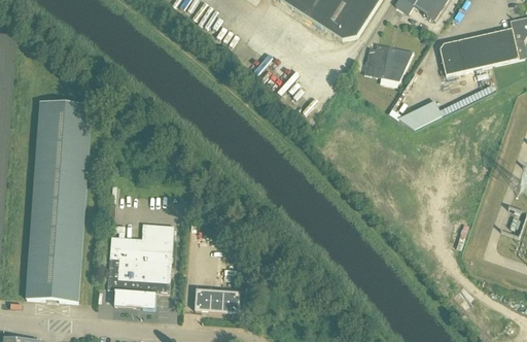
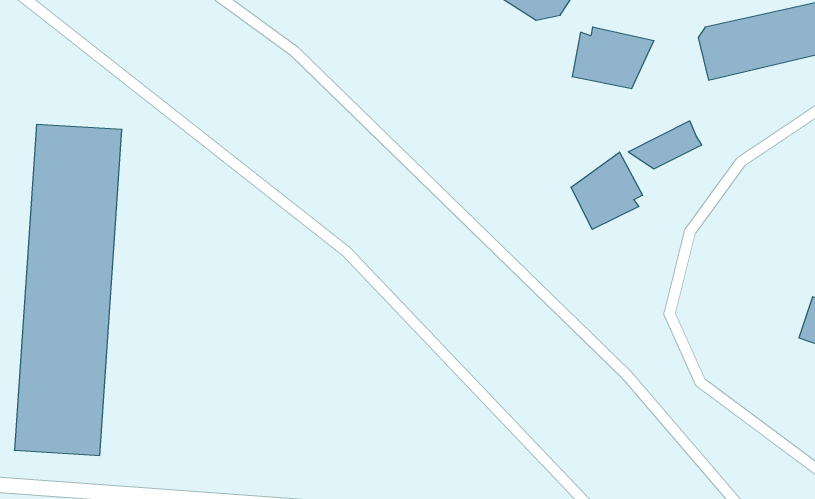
building: none -> [571,152,643,229]
building: [107,223,174,308] -> none
building: [195,287,240,312] -> none

